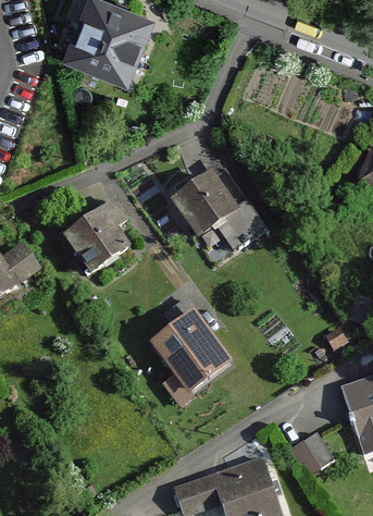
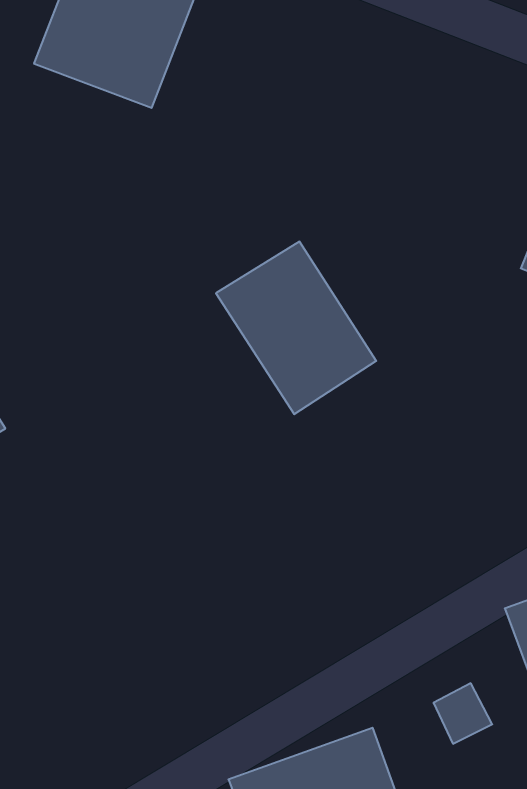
building: [61,198,138,286] -> none
building: [151,299,227,390] -> none

